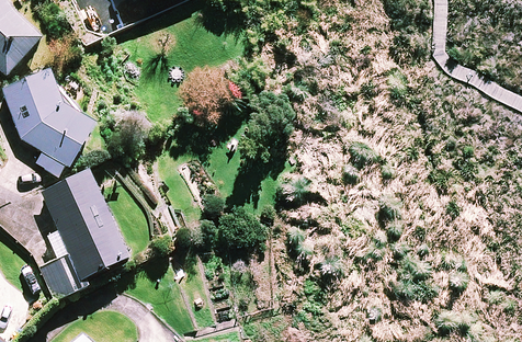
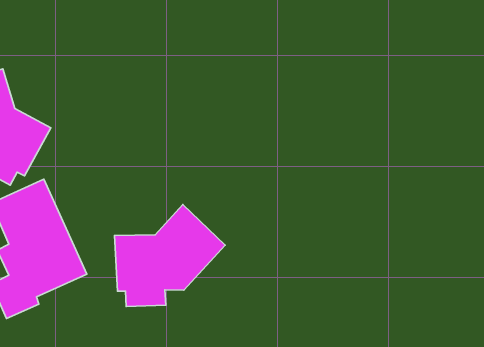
building: none -> [114,204,225,307]

